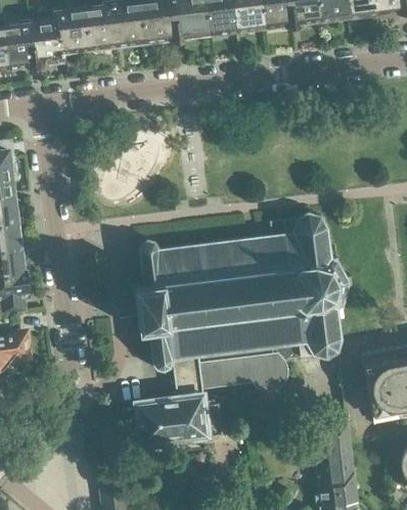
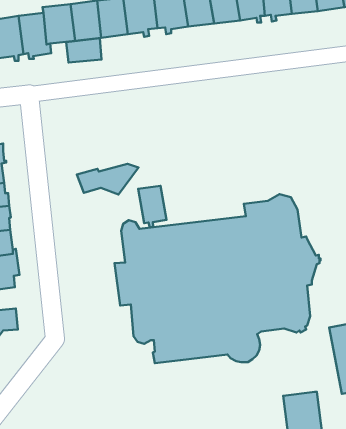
building: none -> [66,38,102,62]
building: none -> [77,164,138,195]
building: none -> [138,186,166,228]
building: [131,387,222,443] -> none

